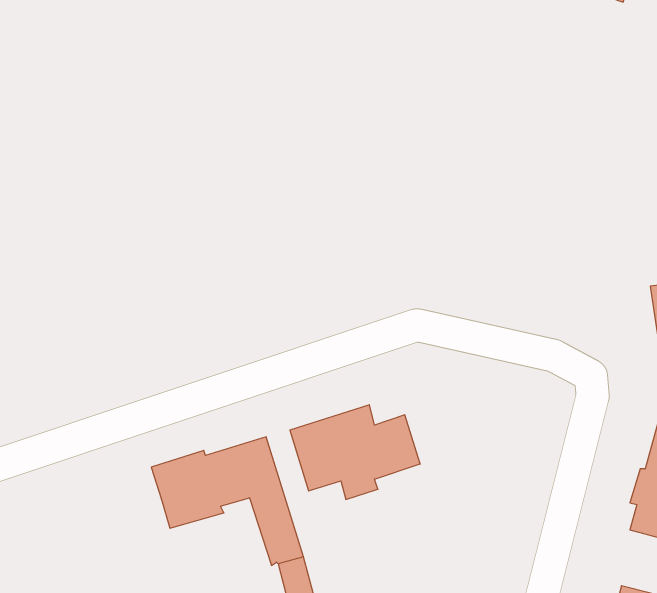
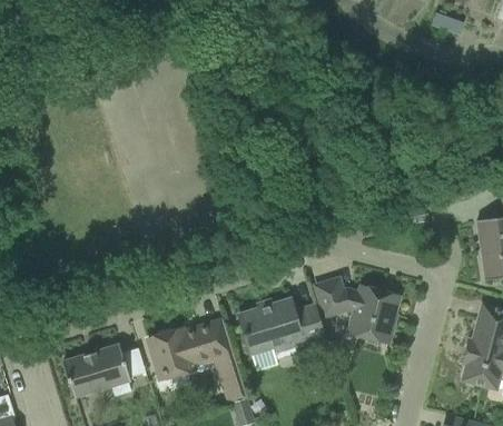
building: none -> [315,279,397,343]
building: none -> [62,344,130,397]

